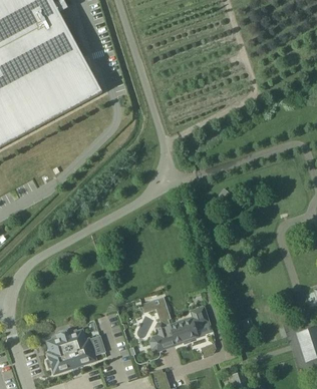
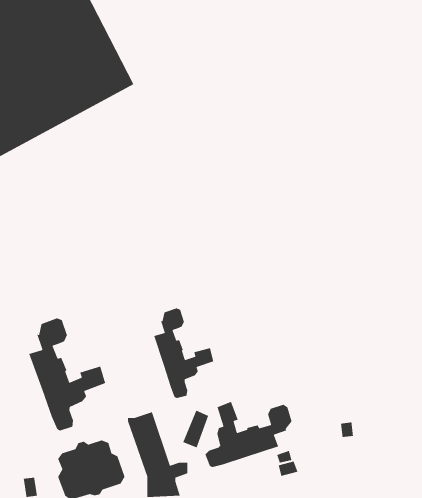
building: none -> [153,307,214,399]
building: none -> [28,318,106,431]

